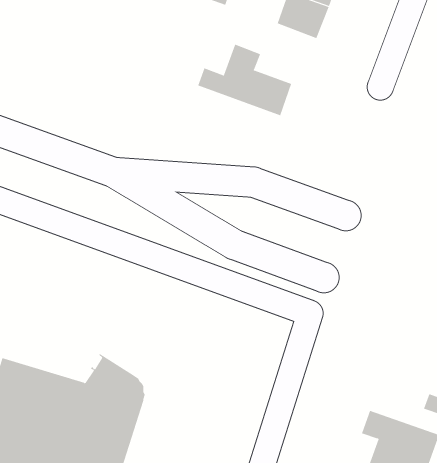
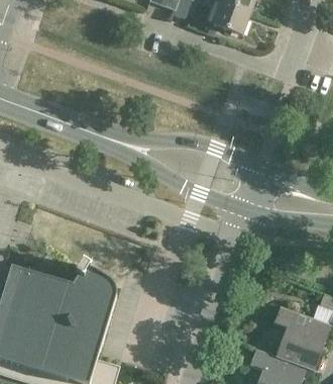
building: [197,44,292,116] -> none

